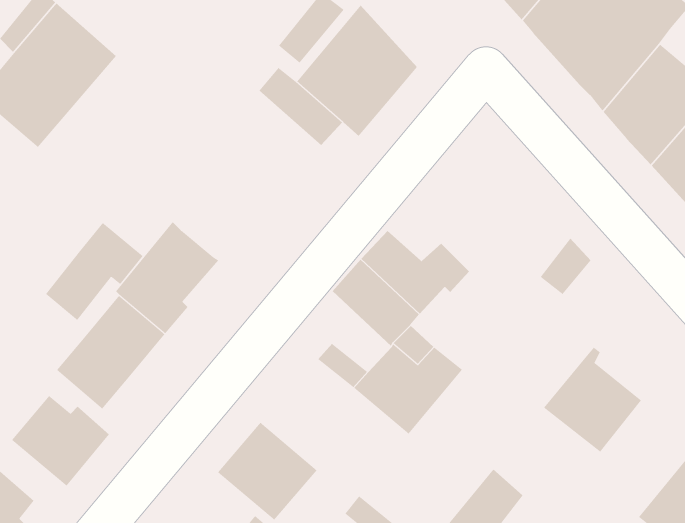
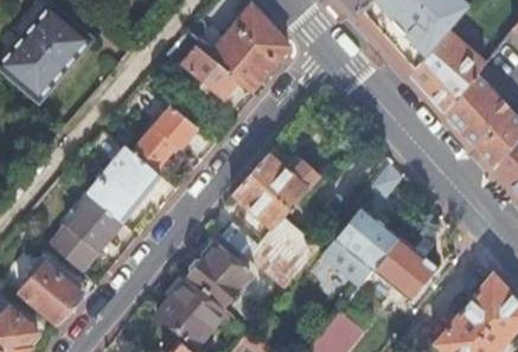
building: [45,222,144,321] -> [132,107,197,172]
building: none -> [320,206,399,287]
building: none -> [188,247,248,305]

